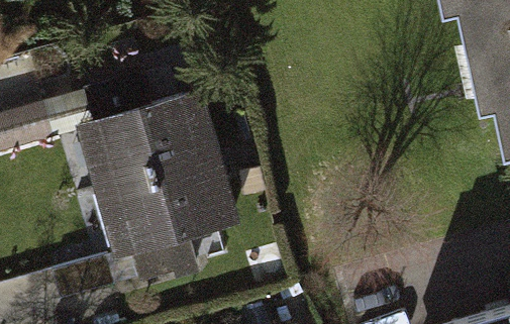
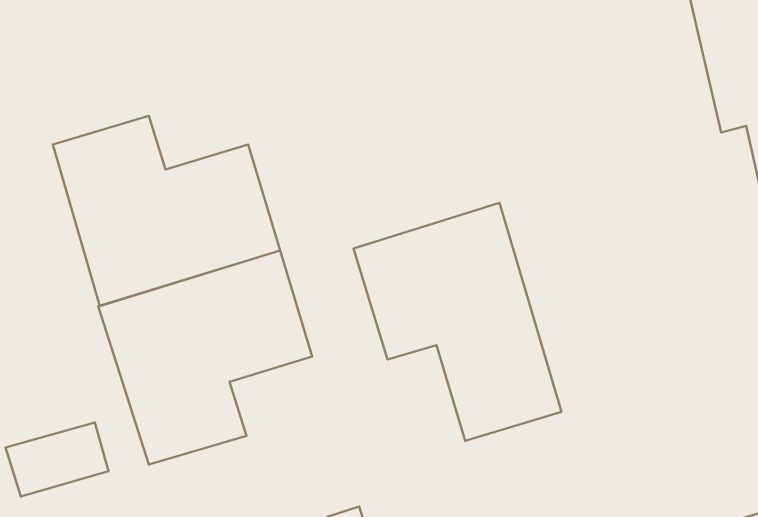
building: none -> [354,203,561,441]

